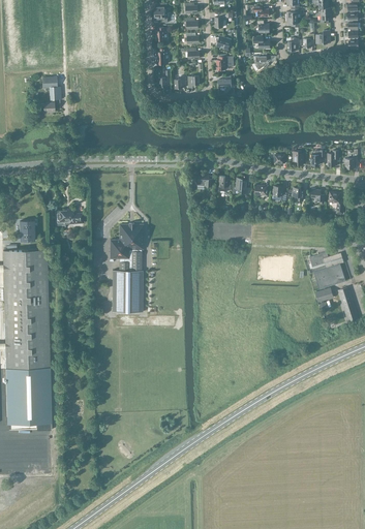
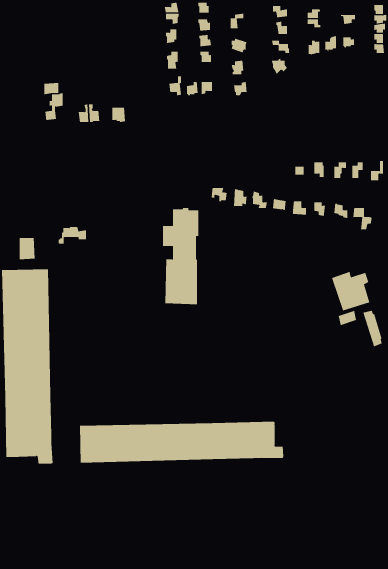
building: [109,223,143,313] -> [162,208,199,305]
building: none -> [79,421,284,463]

